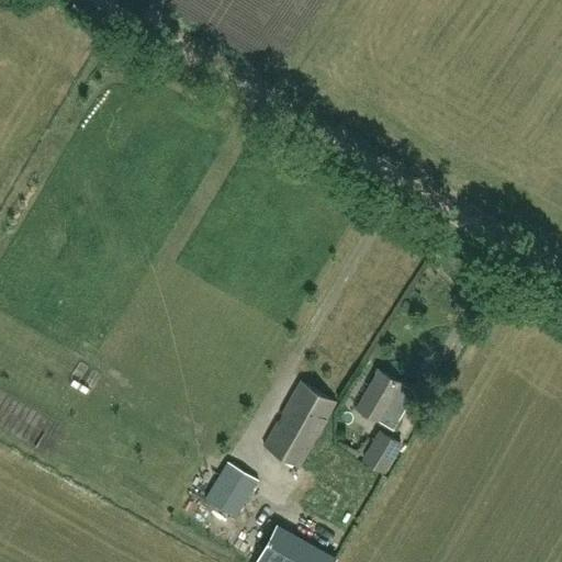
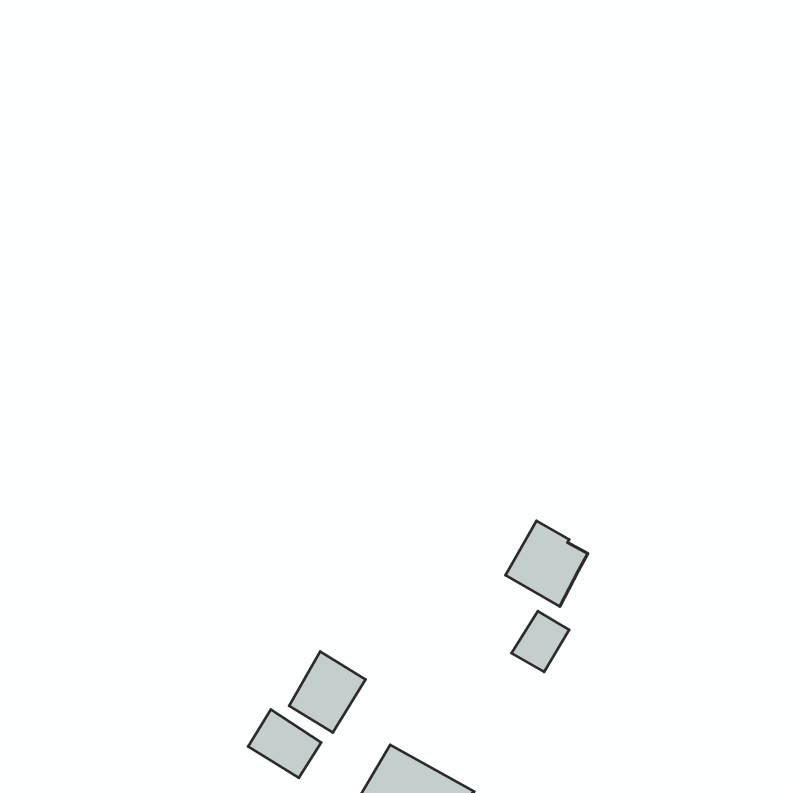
building: [262,382,336,468] -> none
building: none -> [248,709,321,778]

